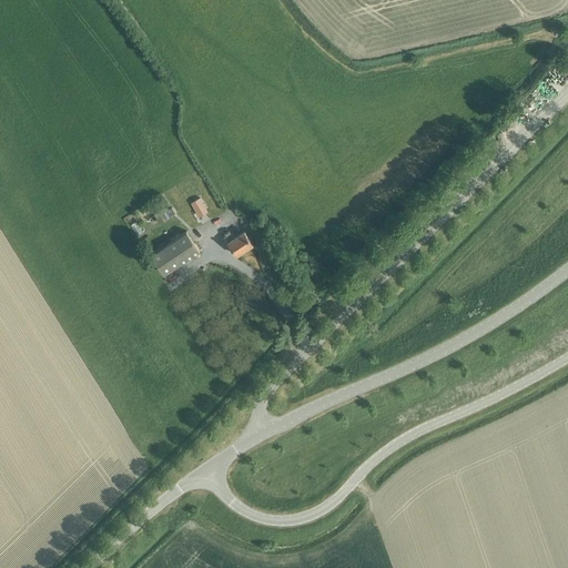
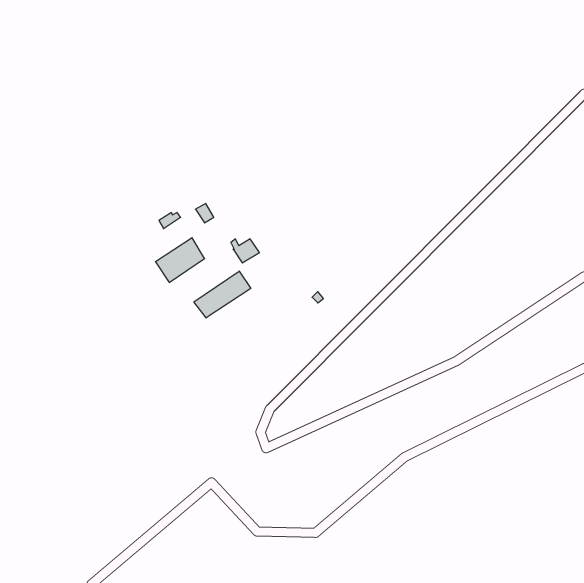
building: none -> [194,271,251,318]

